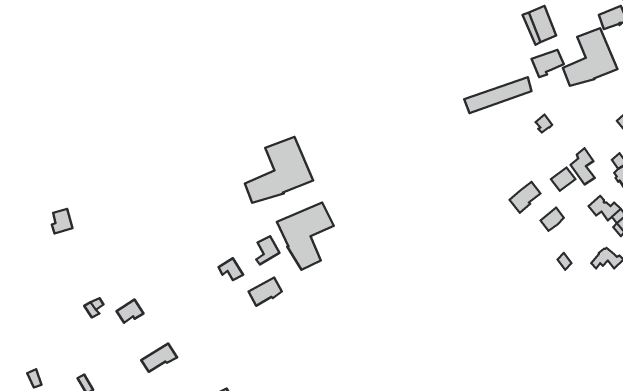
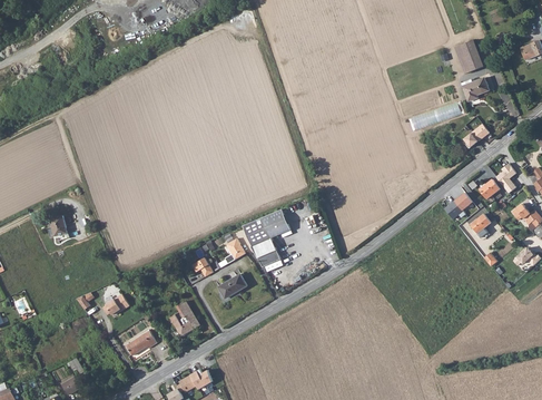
building: [563,28,618,86] -> none
building: [245,137,313,203] -> none
building: none -> [170,302,199,335]

